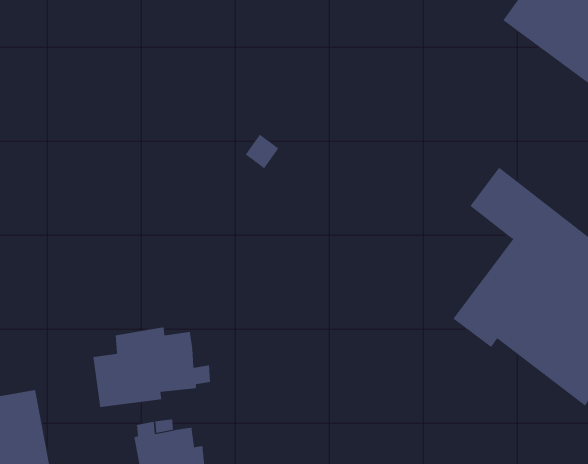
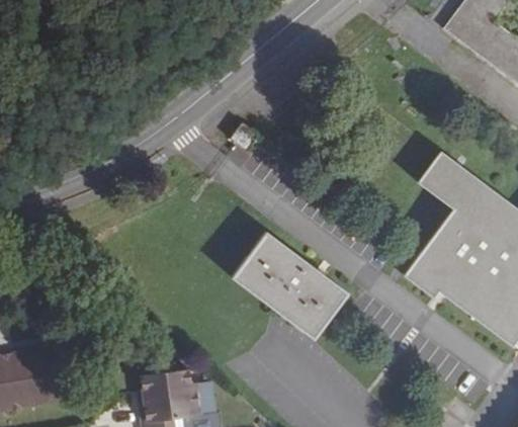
building: none -> [232,232,349,339]
building: [93,326,211,408] -> none

